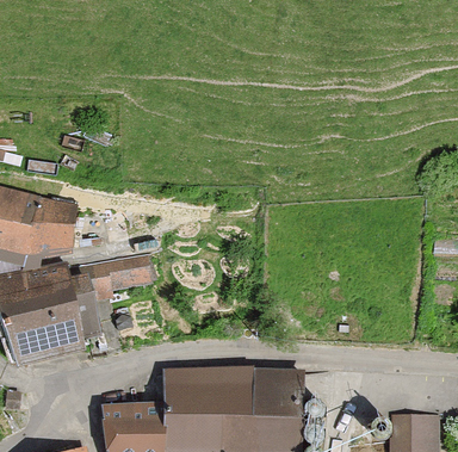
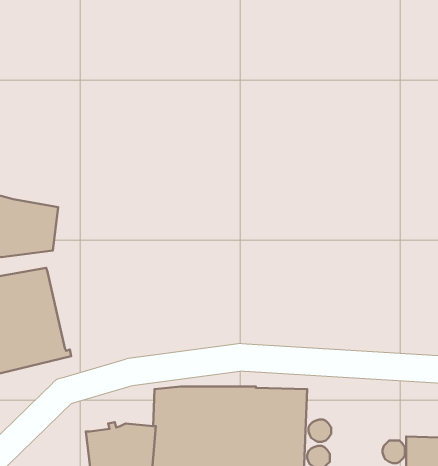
building: [67,252,153,335] -> none

